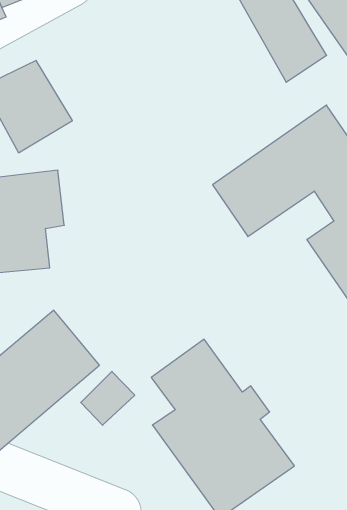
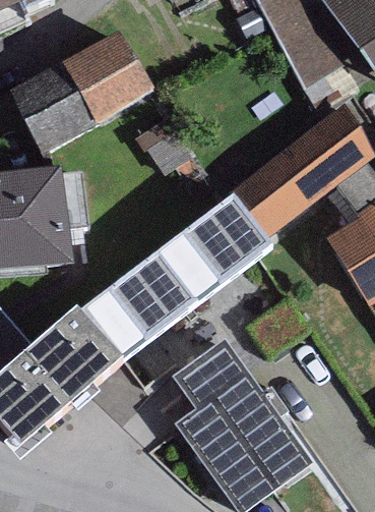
building: none -> [59,27,153,121]
building: none -> [76,193,272,361]

